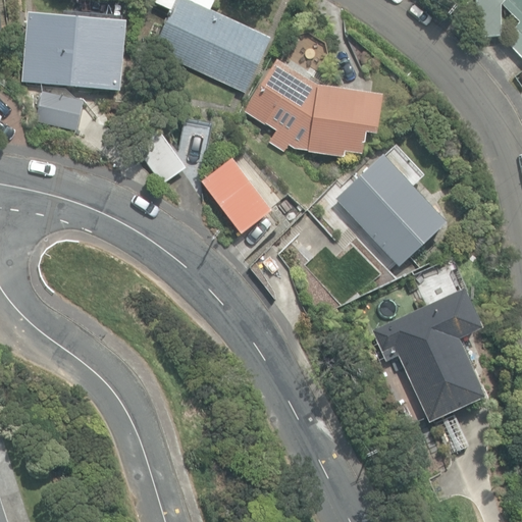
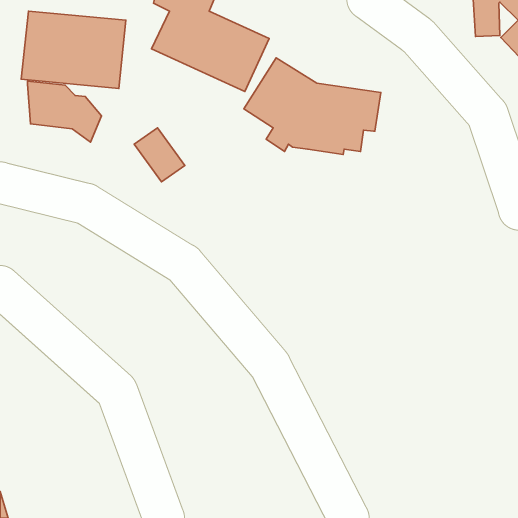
building: [335,152,448,266] -> none
building: [195,166,268,241] -> none
building: [364,286,485,419] -> none

